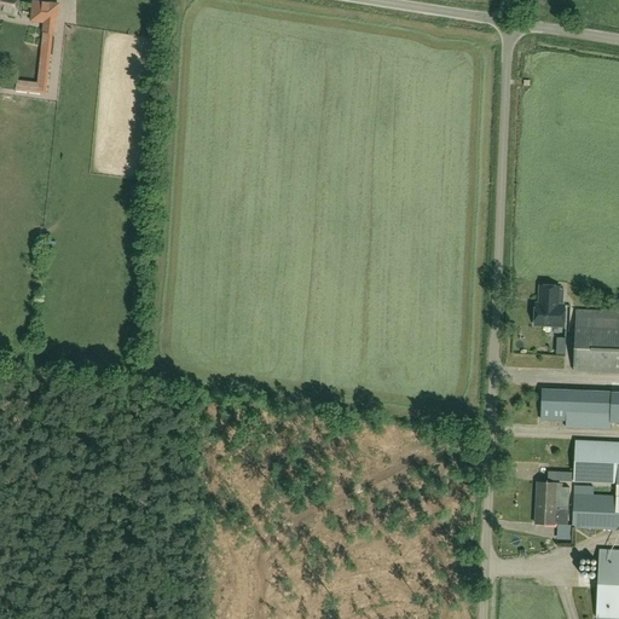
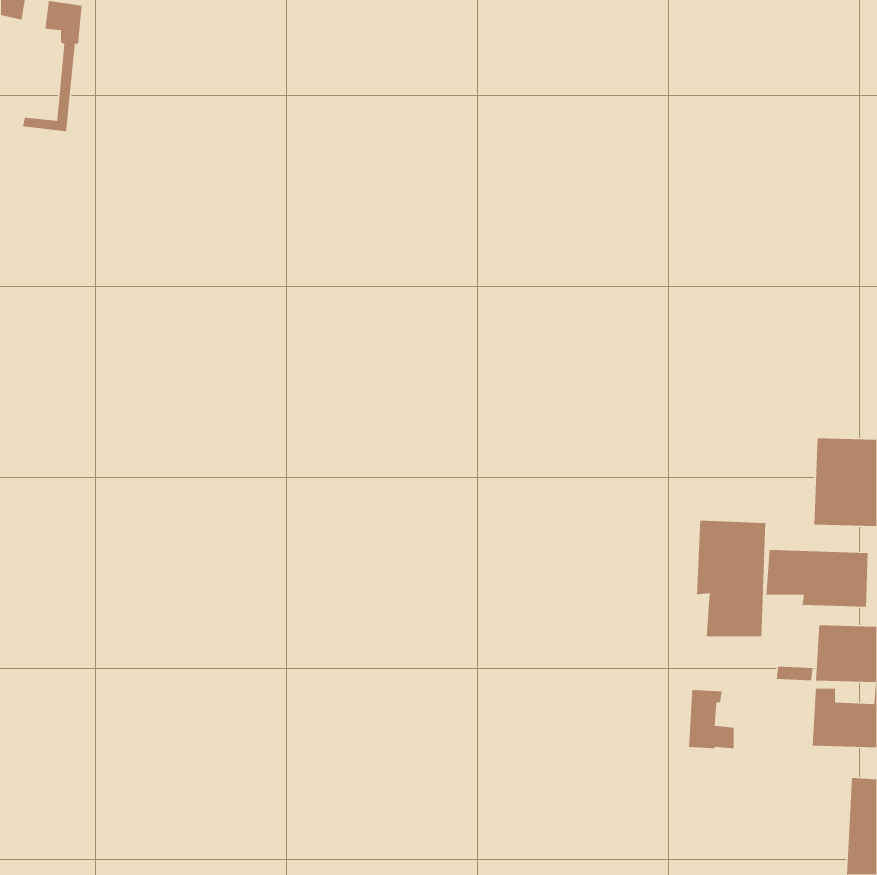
building: [534,284,565,325] -> none
building: none -> [696,520,766,637]
building: [536,481,568,523] -> [688,689,734,749]

